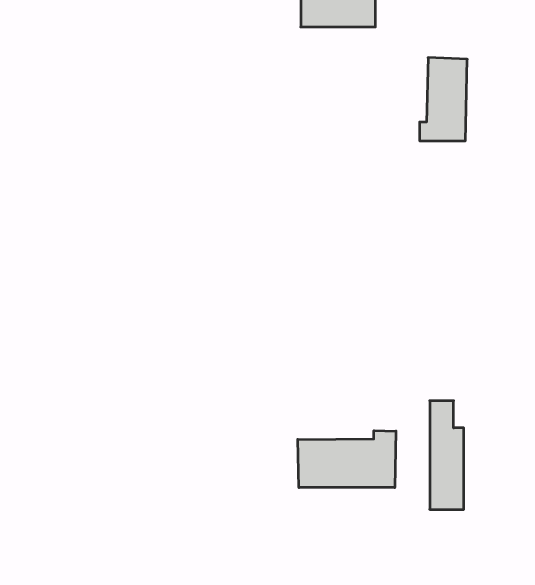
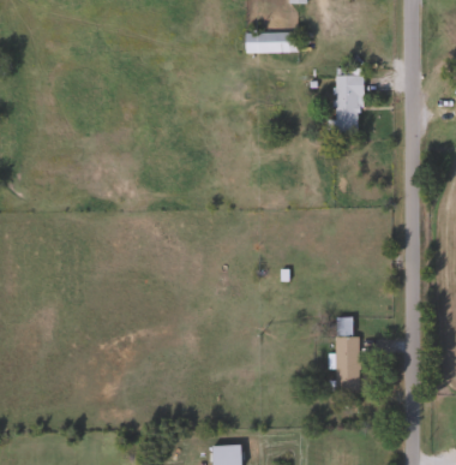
building: [298,431,396,488] -> none

